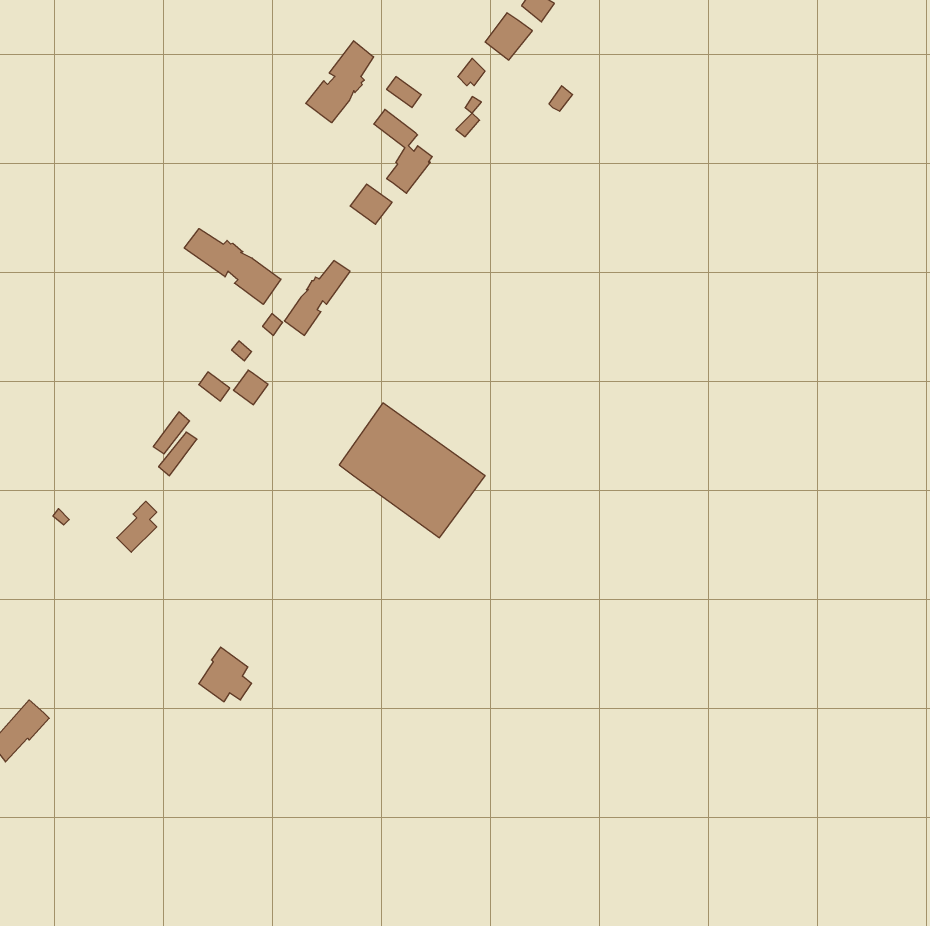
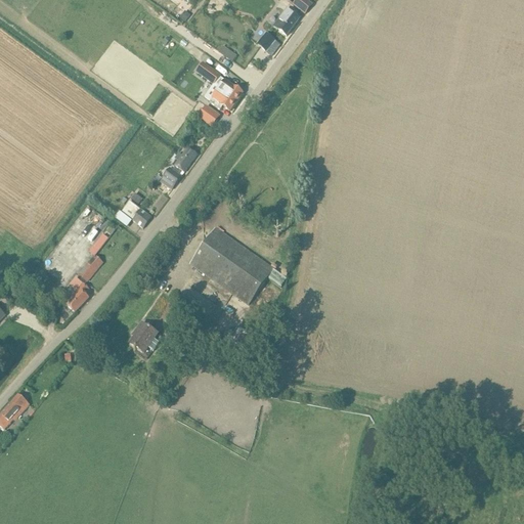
building: [306,41,374,123] -> none
building: [184,229,281,304] -> none
building: [199,647,252,702] -> [129,321,159,352]

